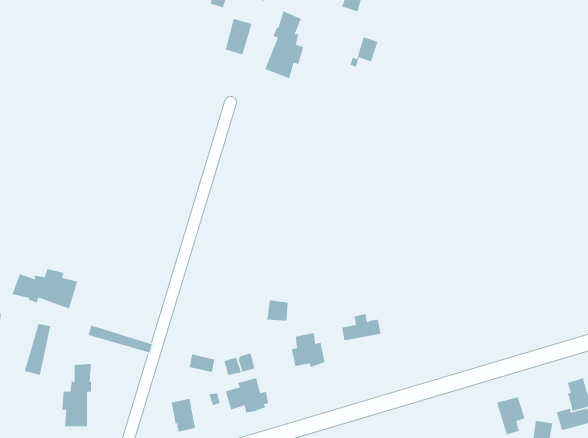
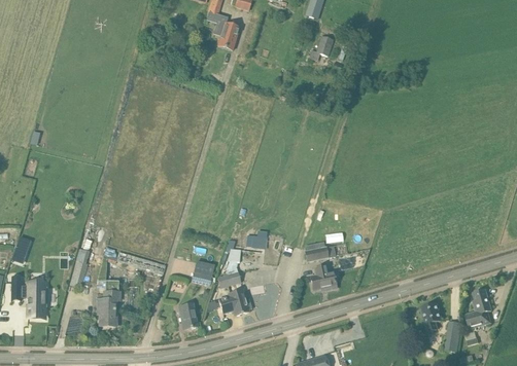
building: [264,10,304,79] -> none
building: [12,268,78,309] -> none
building: [291,332,325,368] -> [310,263,336,290]

